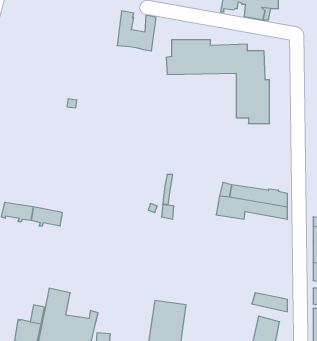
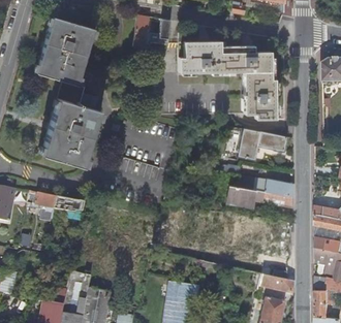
building: none -> [36,14,98,165]
building: none -> [238,128,285,159]

